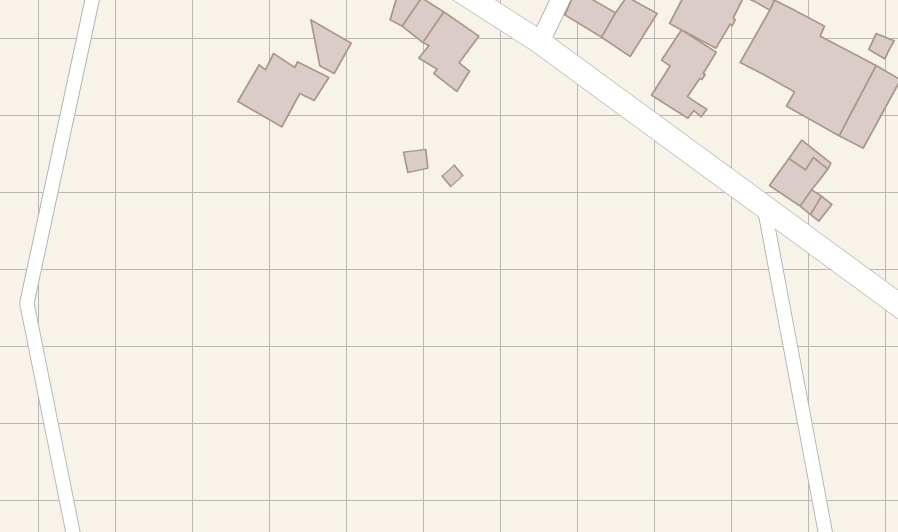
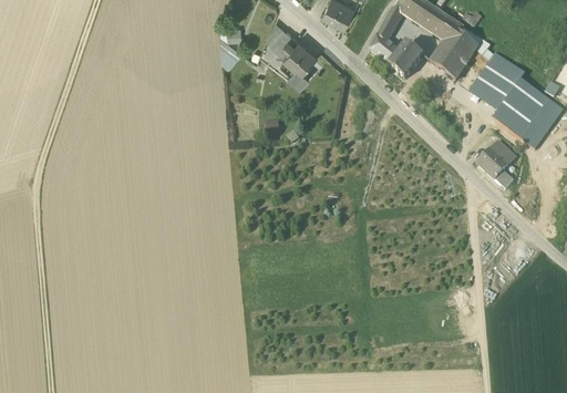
building: [652,30,716,118] -> none
building: [238,53,329,127] -> none

